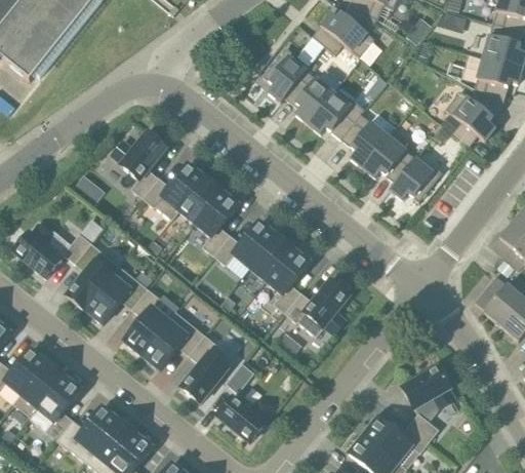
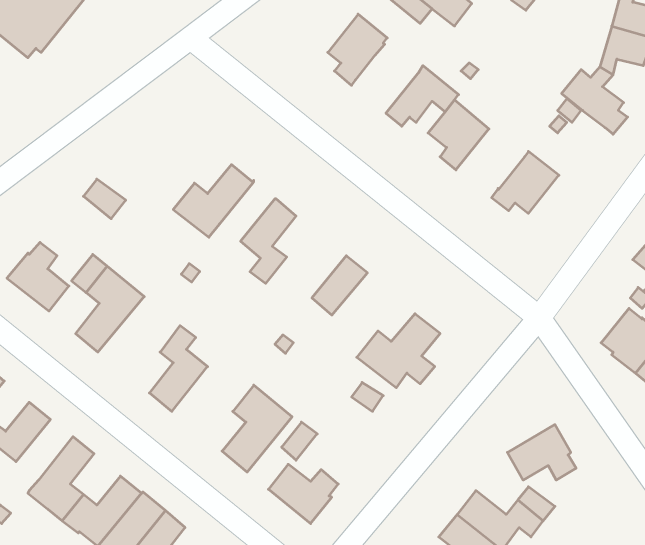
building: [295,70,333,123] -> none
building: [362,128,415,183] -> none
building: [113,131,166,198] -> none
building: [178,176,221,223] -> none
building: [214,221,277,267] -> none
building: [266,247,310,313] -> none
building: [84,266,148,323] -> none
building: [142,312,205,369] -> none
building: [13,360,65,417] -> none

